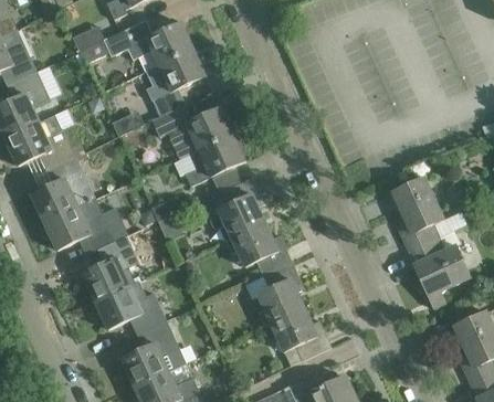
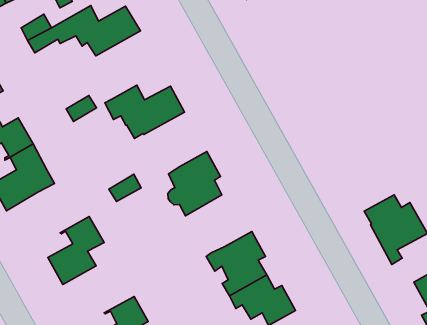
building: [146,49,206,116] -> none
building: [185,135,244,186] -> none
building: [391,177,443,250] -> none
building: [43,198,127,254] -> none
building: [225,222,292,275] -> none
building: [95,281,167,334] -> none

